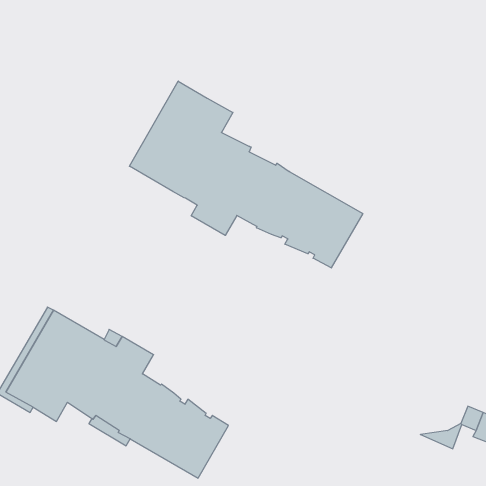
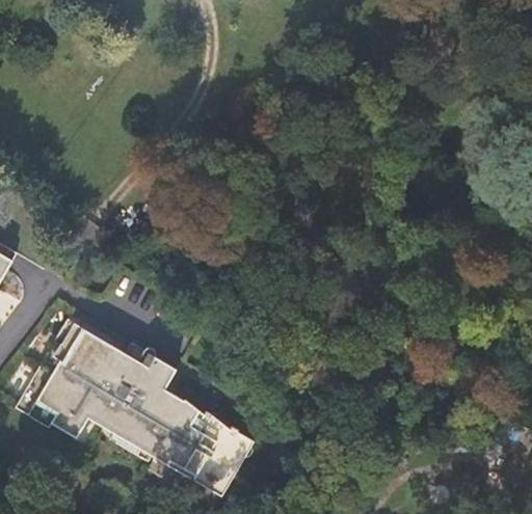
building: [129,81,363,268] -> none

